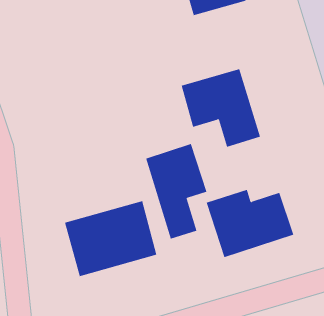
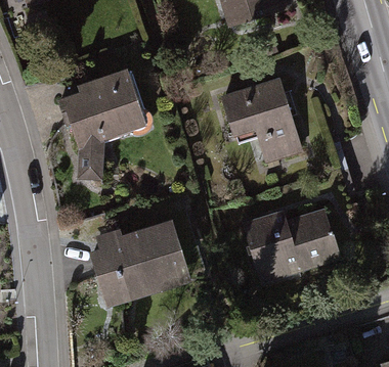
building: none -> [58,75,150,181]
building: [146,143,207,239] -> none

